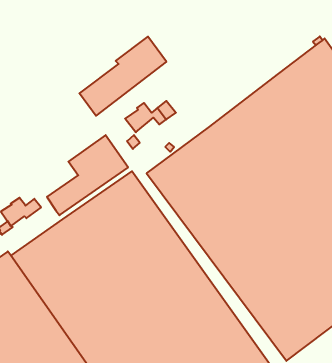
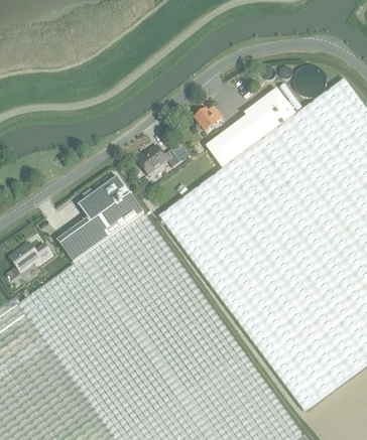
building: [79,37,166,116] -> [207,89,296,170]
building: none -> [195,106,223,132]

